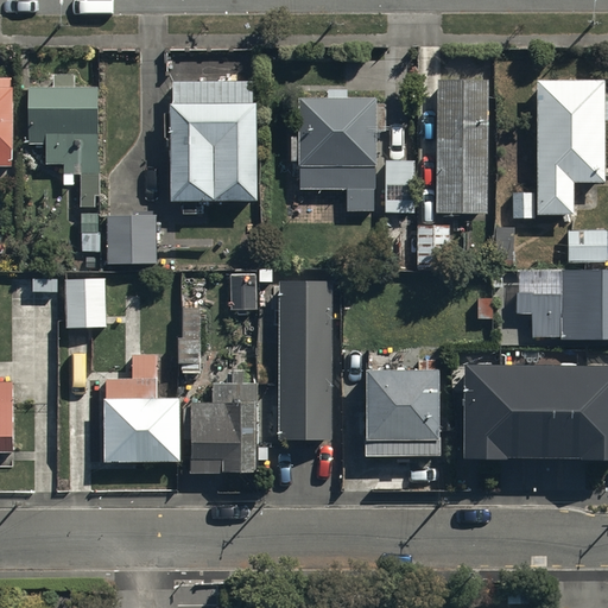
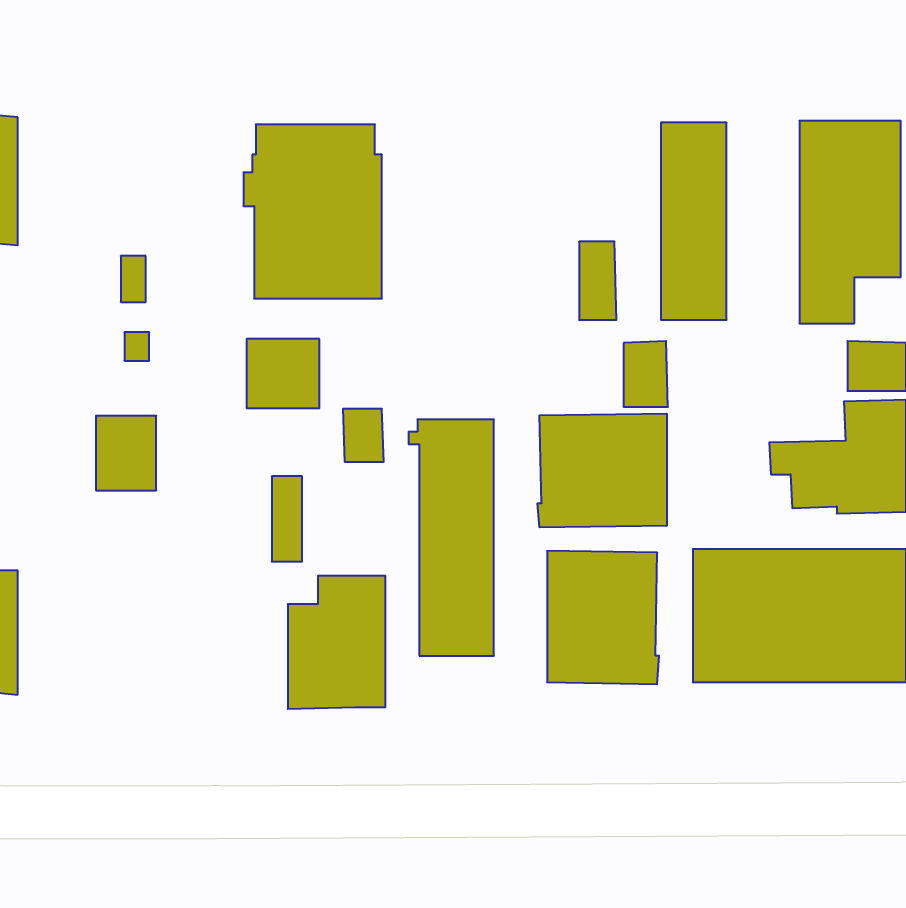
building: [26,86,97,165] -> none
building: [290,88,375,211] -> none
building: [108,216,157,262] -> [247,339,319,408]
building: none -> [537,414,667,527]
building: [106,354,179,463] -> none

